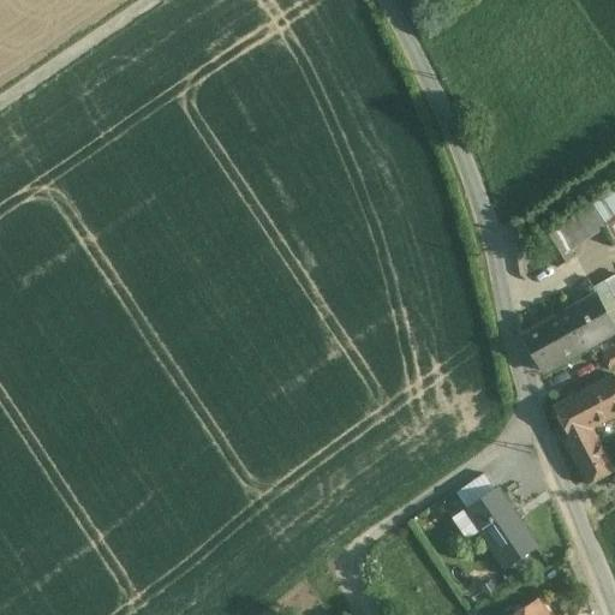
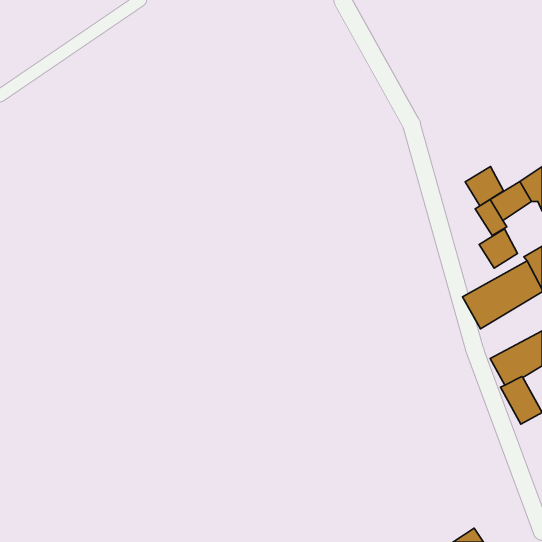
building: none -> [465,166,503,206]
building: none -> [479,229,517,268]
building: [466,485,539,566] -> none

